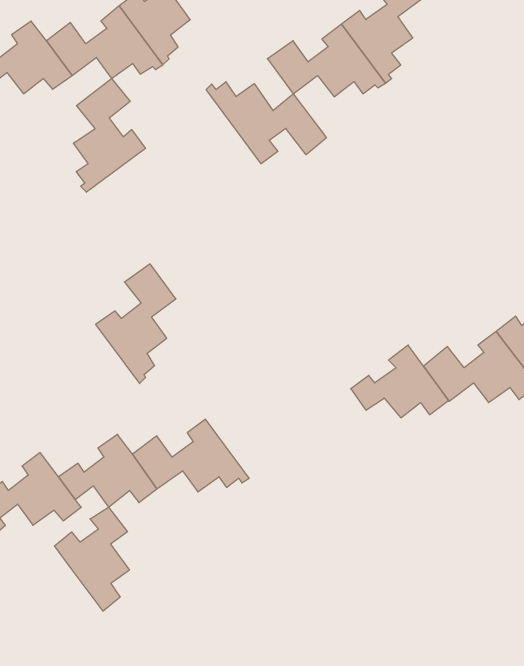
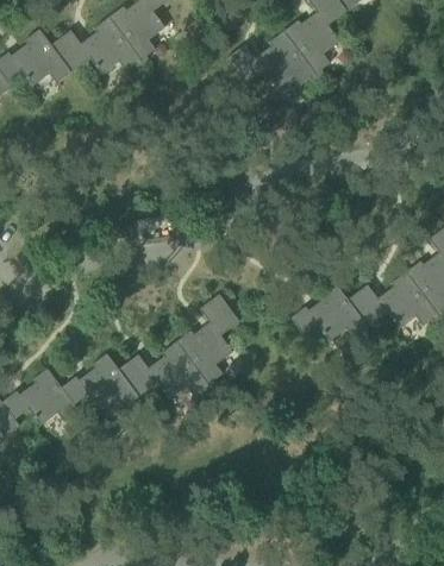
building: [73,79,145,192] -> none
building: [206,82,326,164] -> none
building: [96,264,176,384] -> [176,294,239,388]
building: [55,507,129,611] -> none

